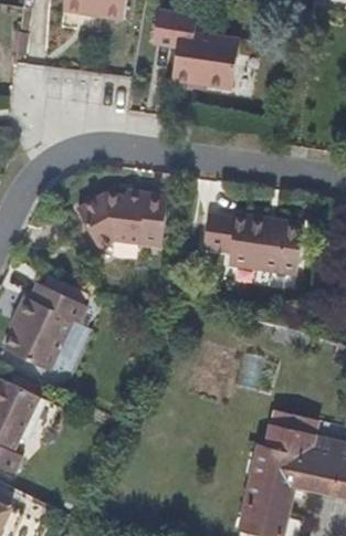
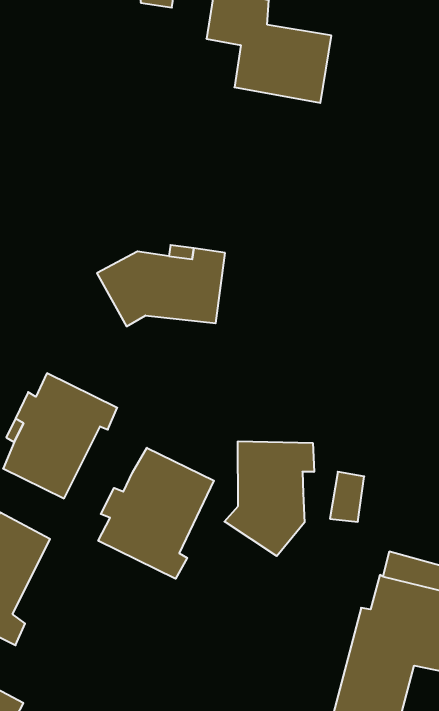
building: [198,212,298,273] -> none
building: none -> [224,441,314,556]
building: none -> [98,448,214,579]

